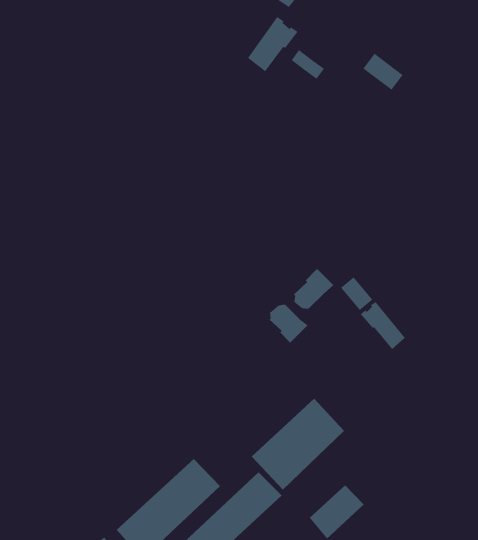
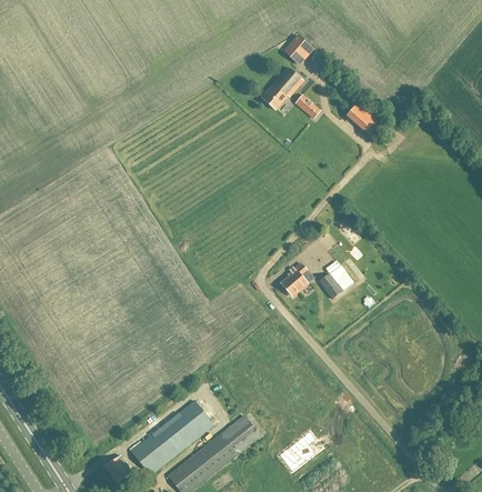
building: [360,301,406,350] -> none
building: [268,304,308,344] -> none
building: [251,398,345,490] -> none

